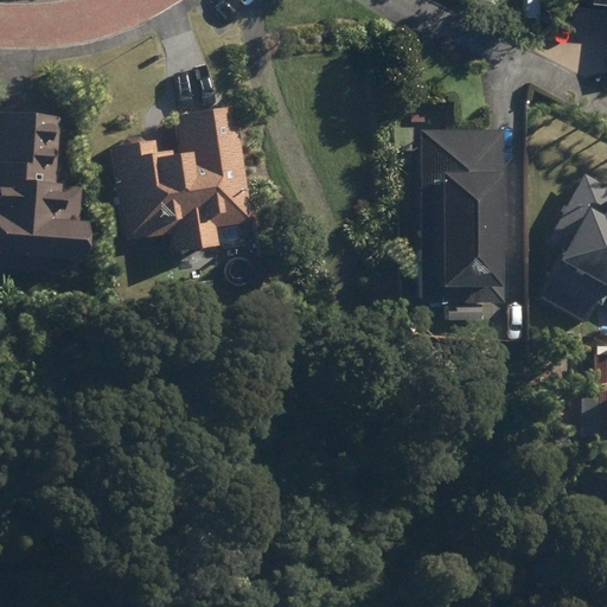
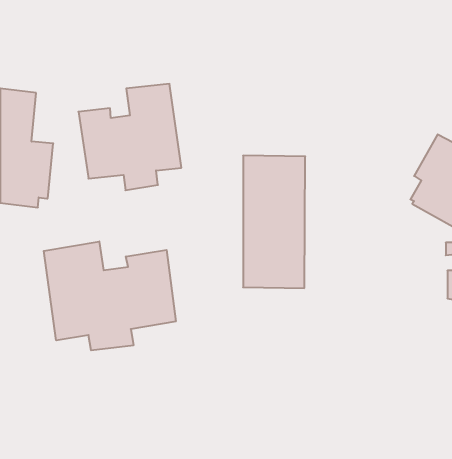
building: [422,128,504,302] -> [243,156,305,288]
building: none -> [44,241,176,350]

